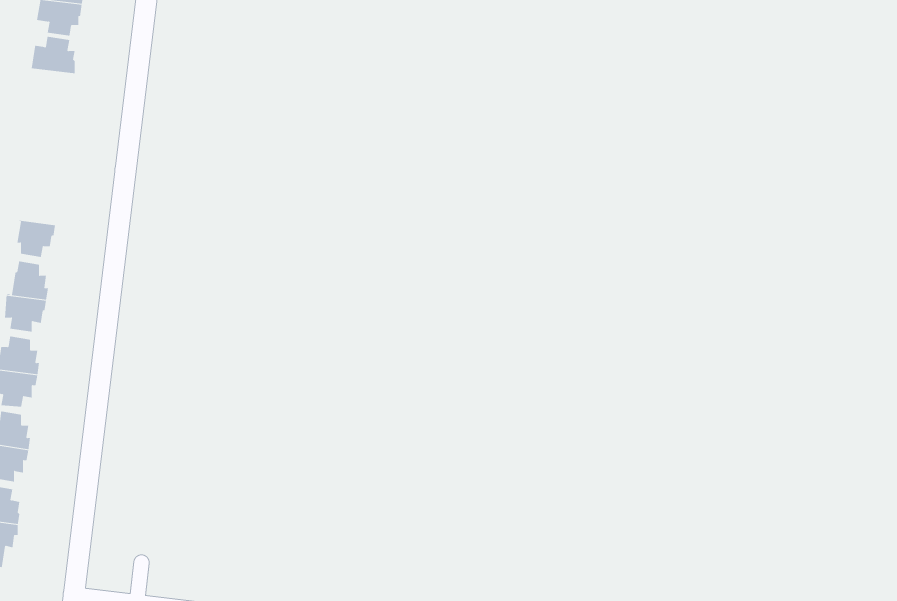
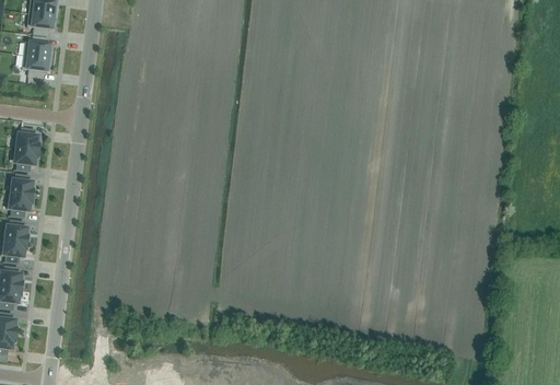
building: none -> [22,55,50,77]
building: none -> [14,127,39,151]

